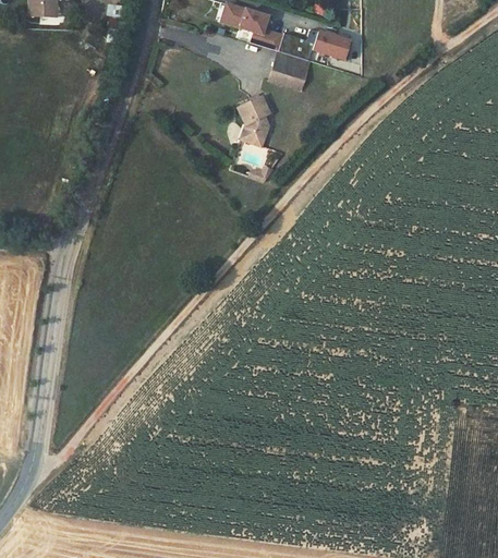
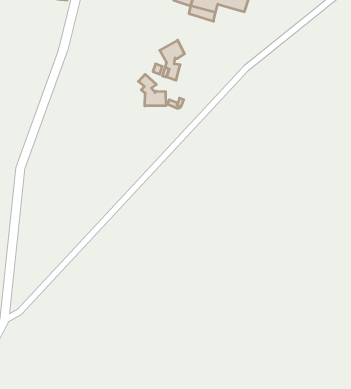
building: [270,60,307,88] -> none
building: none -> [138,74,166,106]

